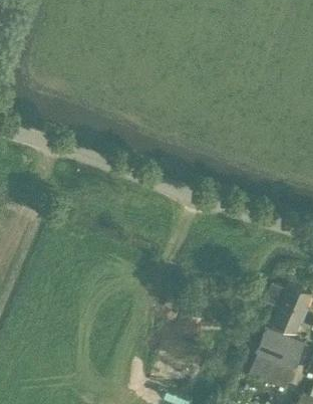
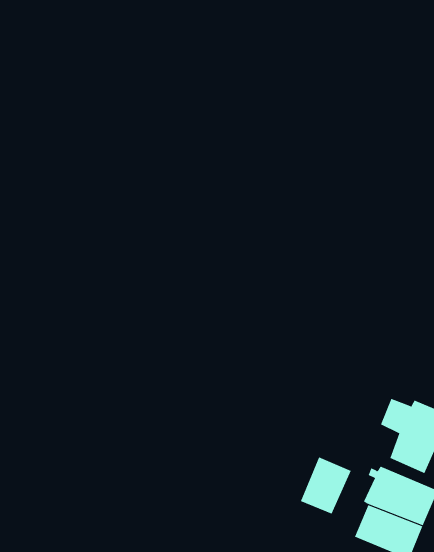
building: none -> [300,457,351,514]

